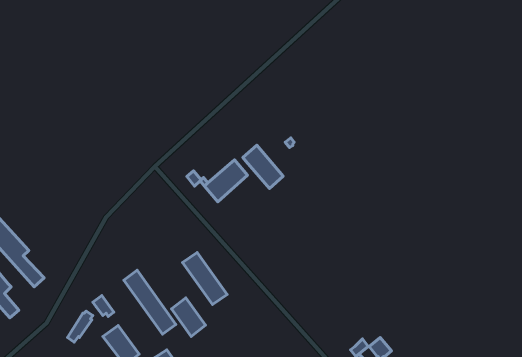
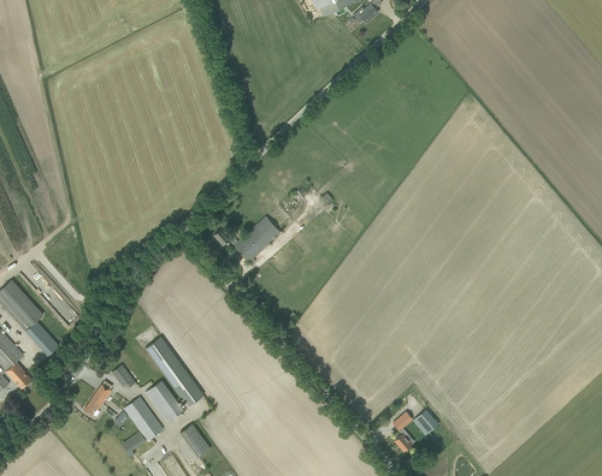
building: [243,145,283,188] -> none
building: [183,252,227,305] -> none
building: [171,298,206,336] -> [146,380,183,422]

